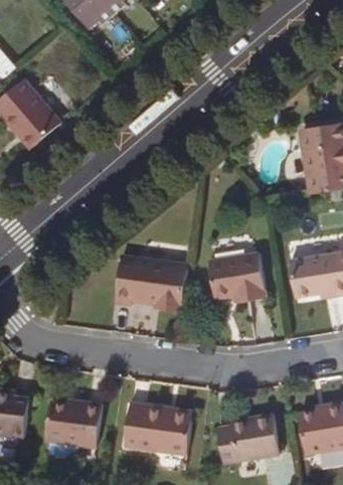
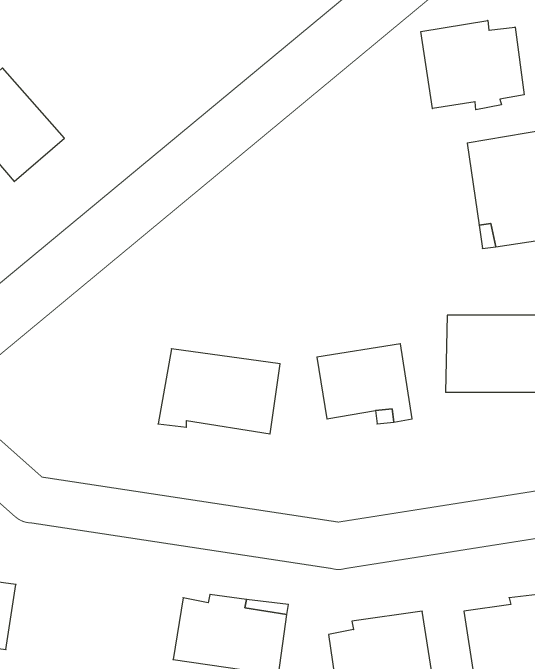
building: none -> [421,20,524,110]
building: [44,397,102,443] -> none

